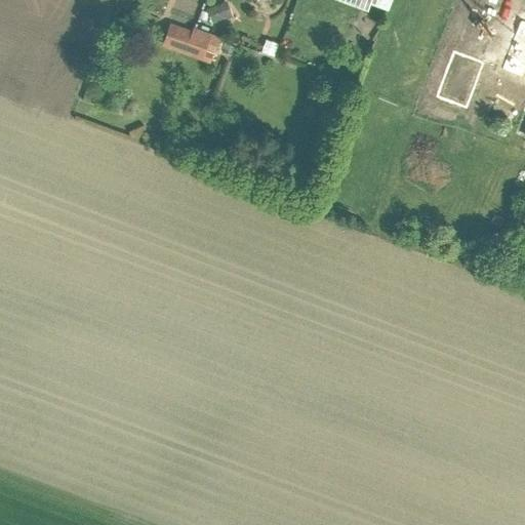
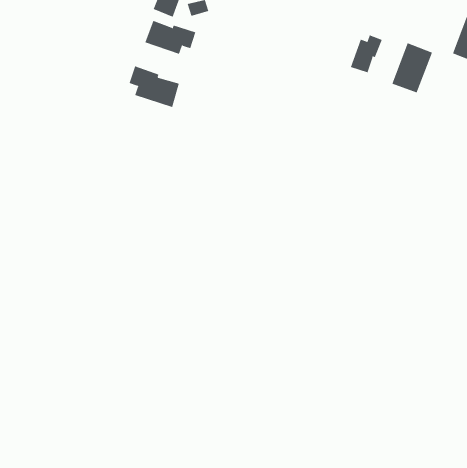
building: none -> [350,35,382,73]
building: none -> [129,65,180,108]

